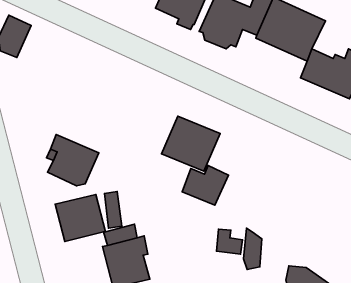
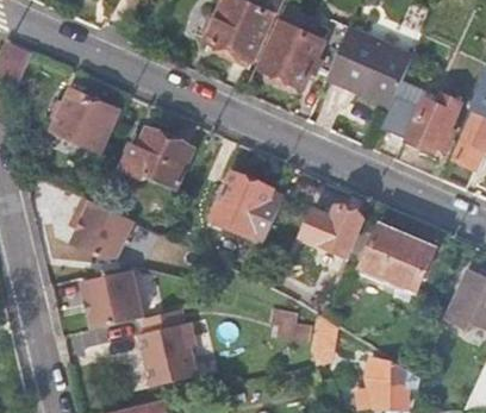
building: none -> [50,90,116,151]
building: none -> [120,130,193,187]
building: none -> [357,226,434,294]
building: [182,166,228,205] -> [304,206,361,255]

